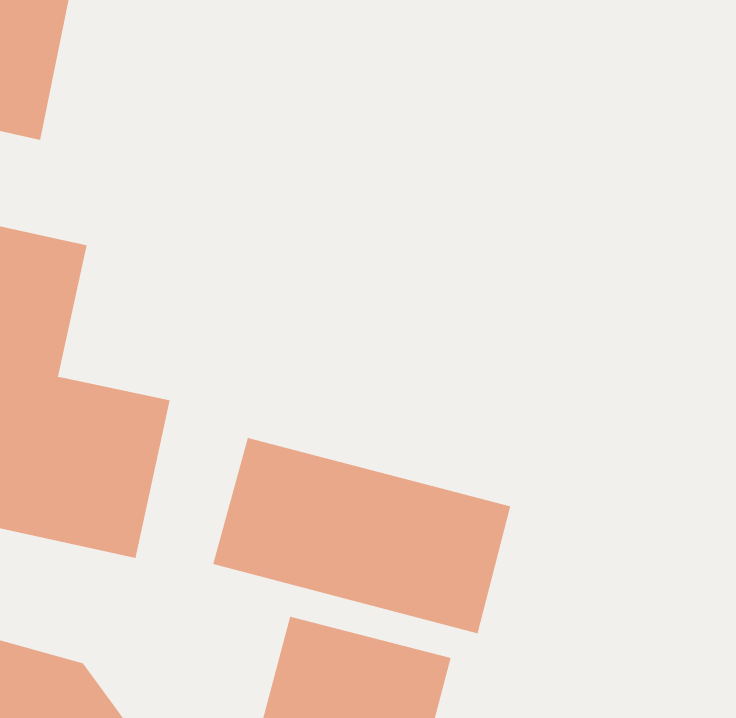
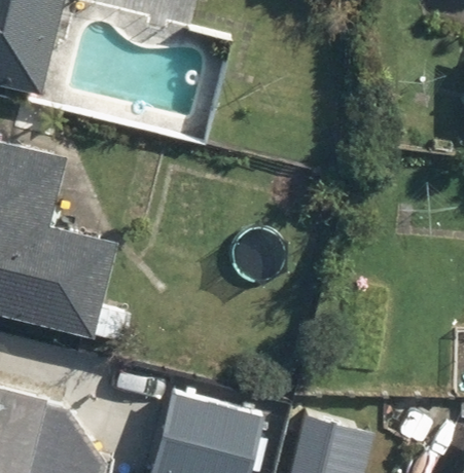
building: [213,437,511,634] -> none

